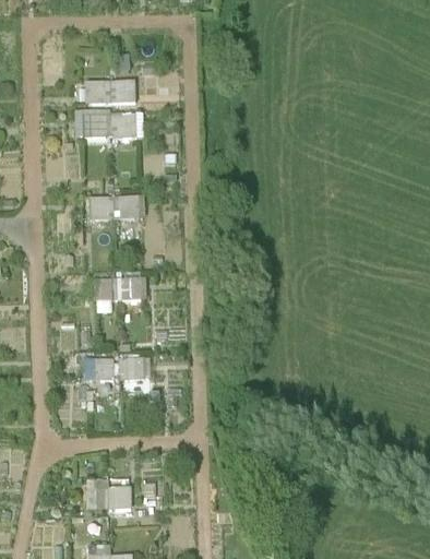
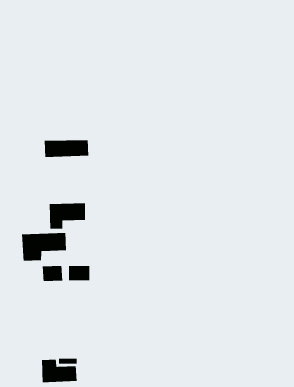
building: [83,80,135,104] -> none
building: [82,109,136,138] -> none
building: none -> [21,232,67,261]

